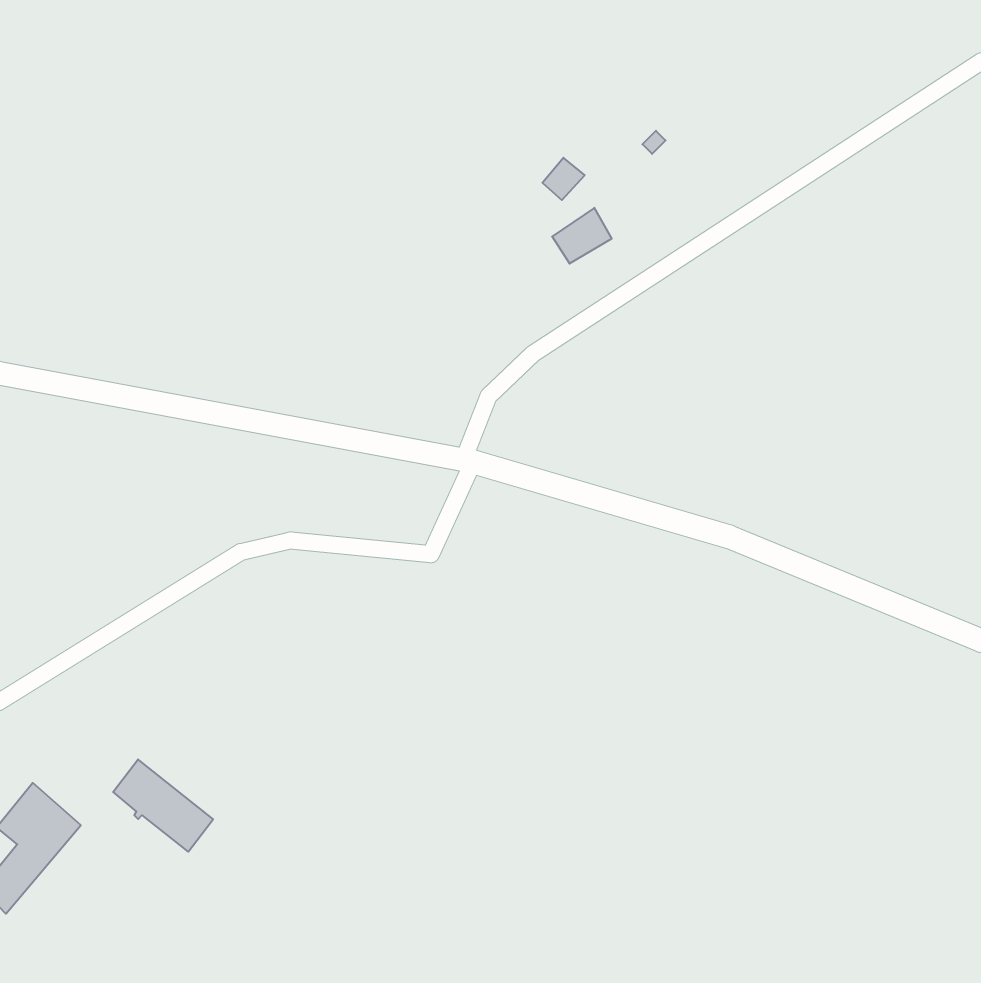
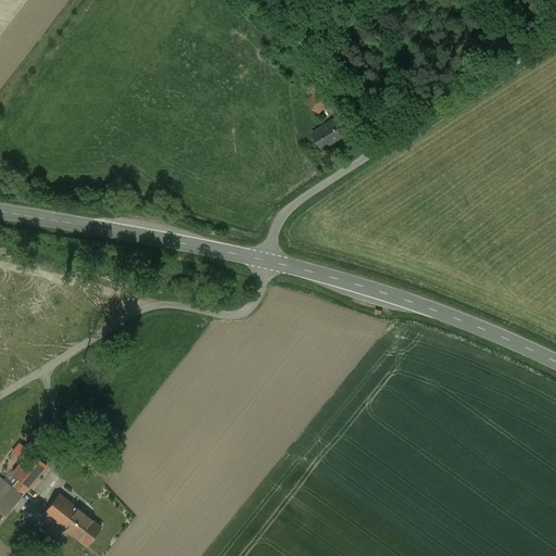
building: [113,759,213,852] -> [43,494,100,546]

